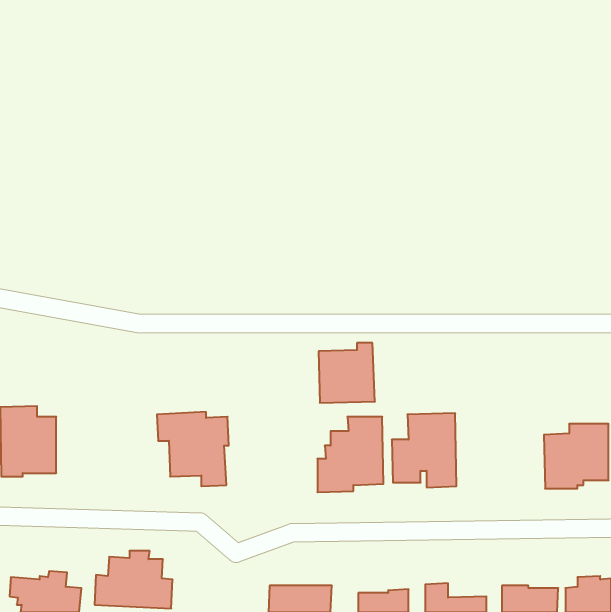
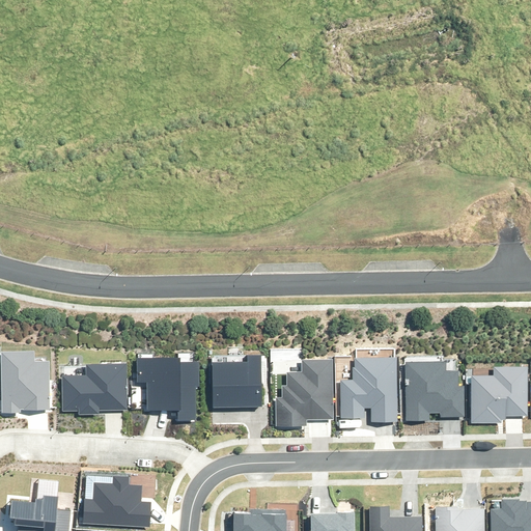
building: [319,343,375,403] -> [213,355,261,407]
building: none -> [403,361,464,421]
building: none -> [61,365,127,415]

